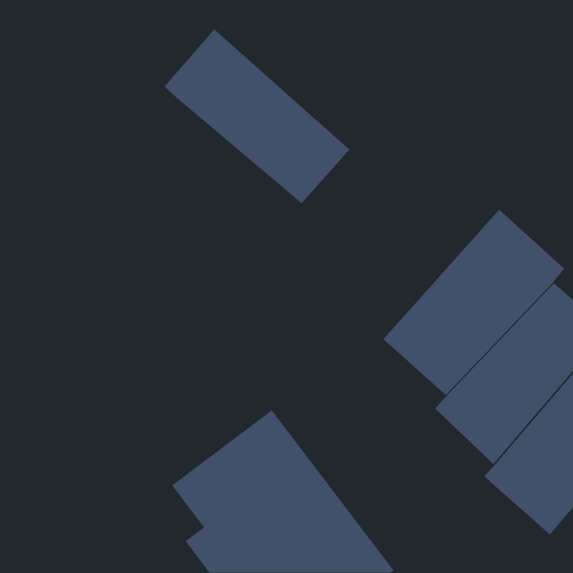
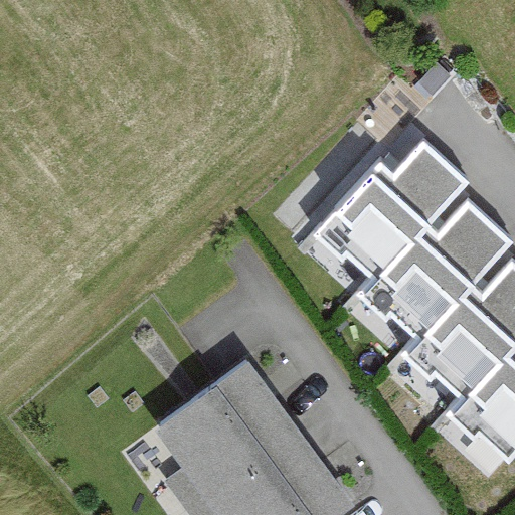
building: [164,28,350,204] -> none
building: none -> [303,126,461,289]

